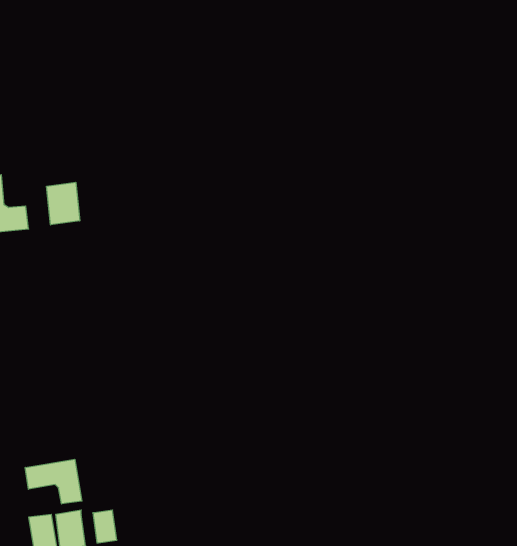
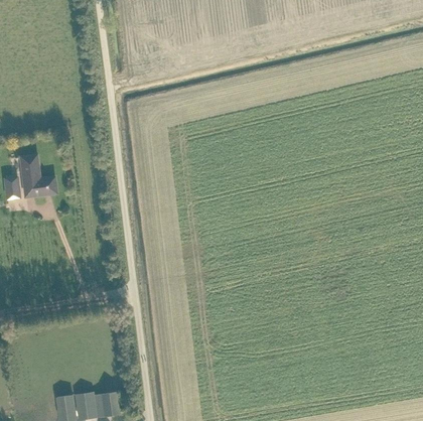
building: [47,182,80,225] -> none
building: [25,459,82,504] -> none

